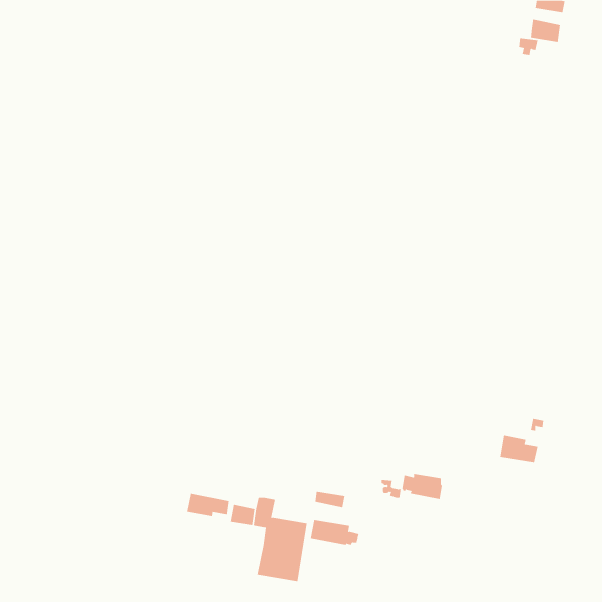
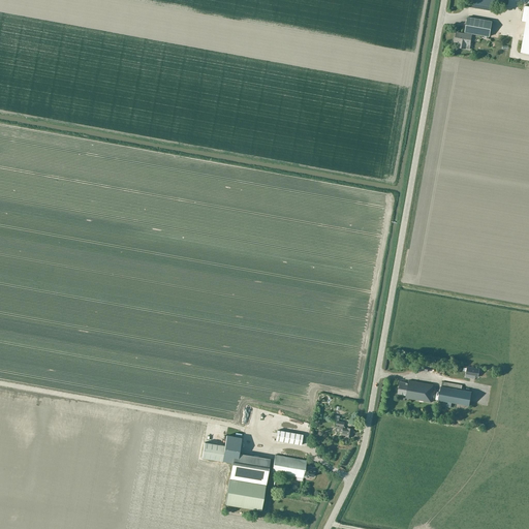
building: [402,474,443,500] -> [398,380,434,403]
building: [187,493,229,517] -> none

